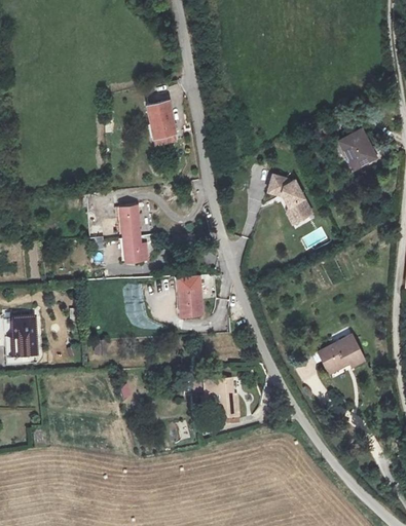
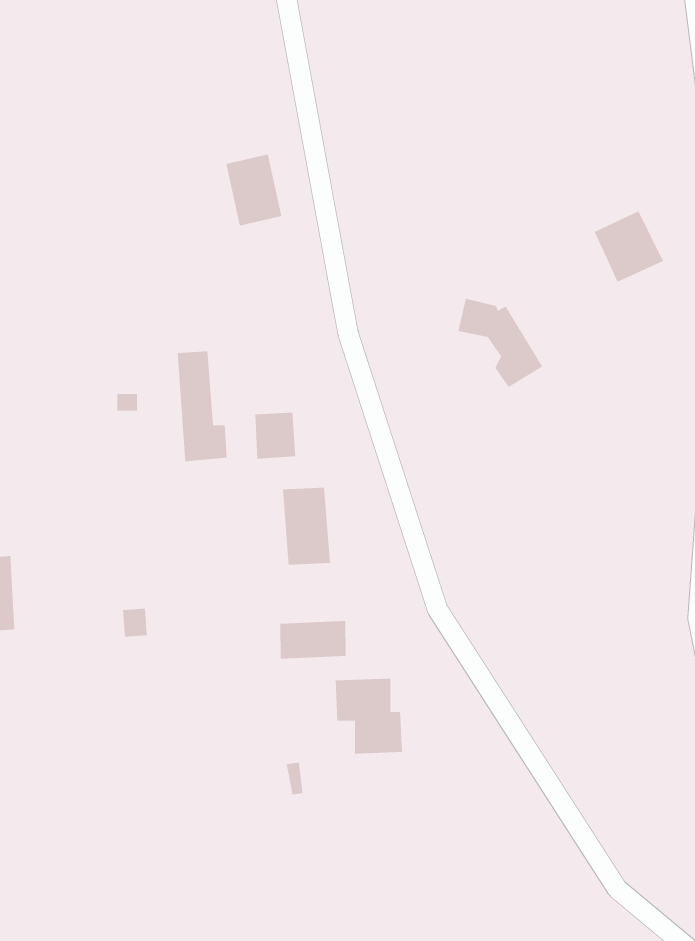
building: none -> [255,412,296,460]
building: [318,334,365,374] -> none
building: none -> [280,620,346,660]

